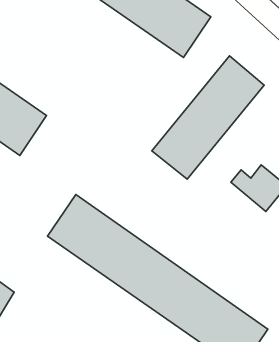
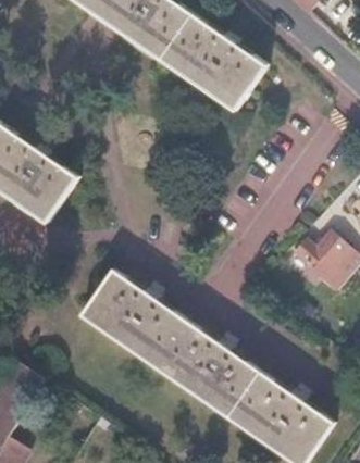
building: [152,56,264,179] -> none

